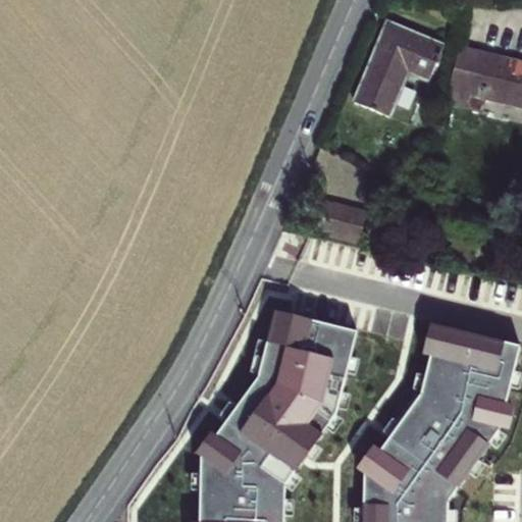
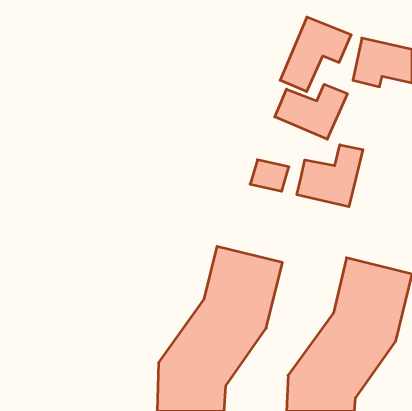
building: none -> [275,84,347,139]
building: none -> [297,145,363,207]

